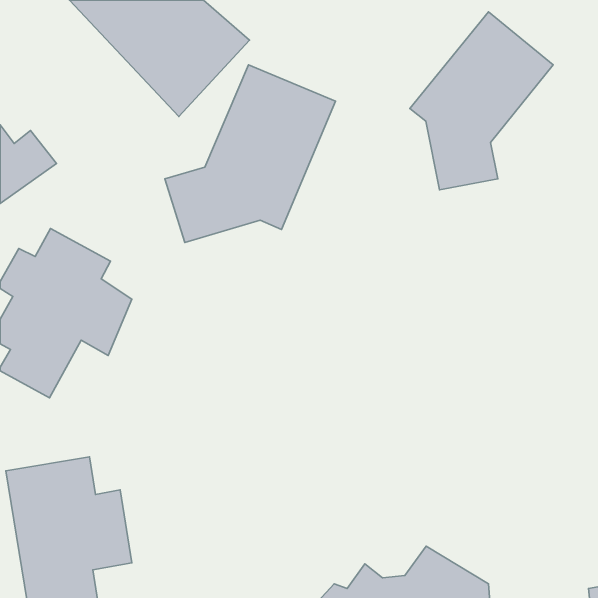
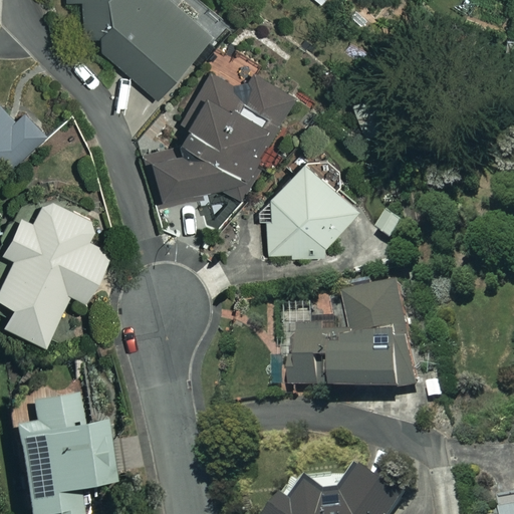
building: [410,12,553,190] -> none
building: none -> [258,161,357,258]
building: none -> [283,292,415,395]

